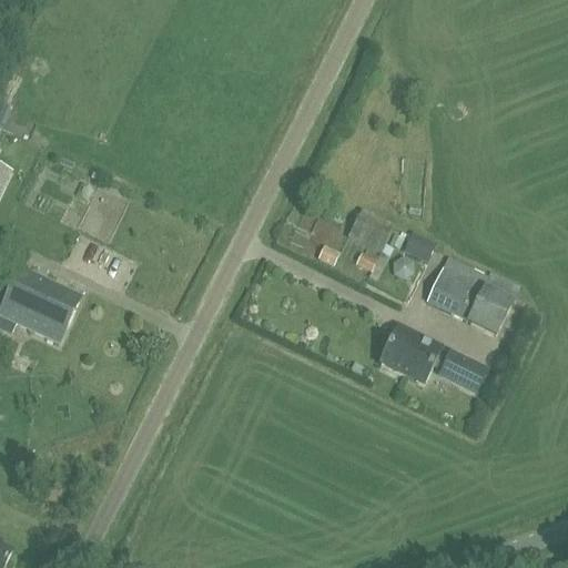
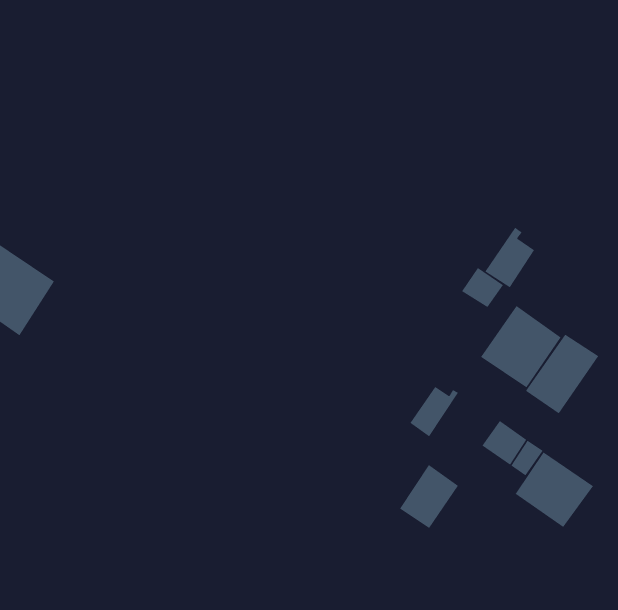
building: none -> [484,227,535,288]
building: [395,333,439,384] -> [399,464,459,529]
building: none -> [515,452,594,528]

